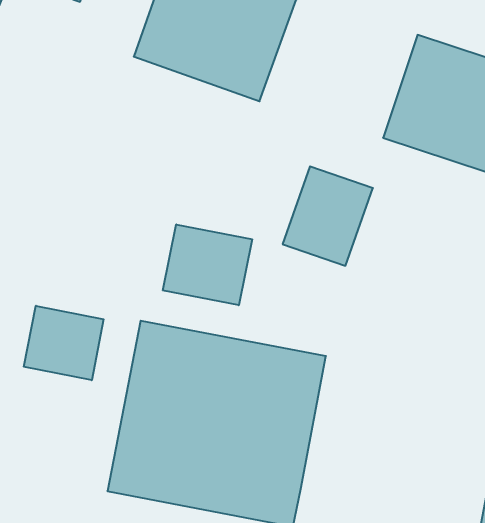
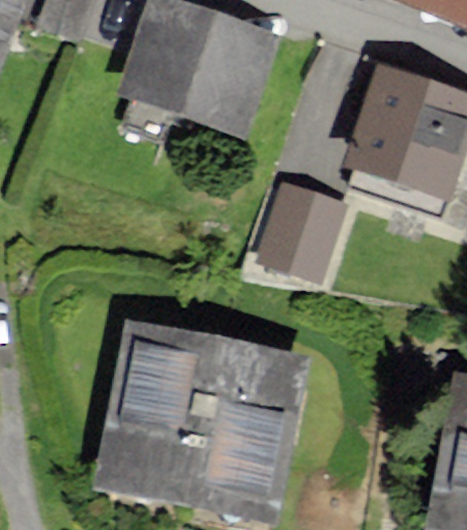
building: [163,224,252,305] -> none
building: [24,306,104,380] -> none

